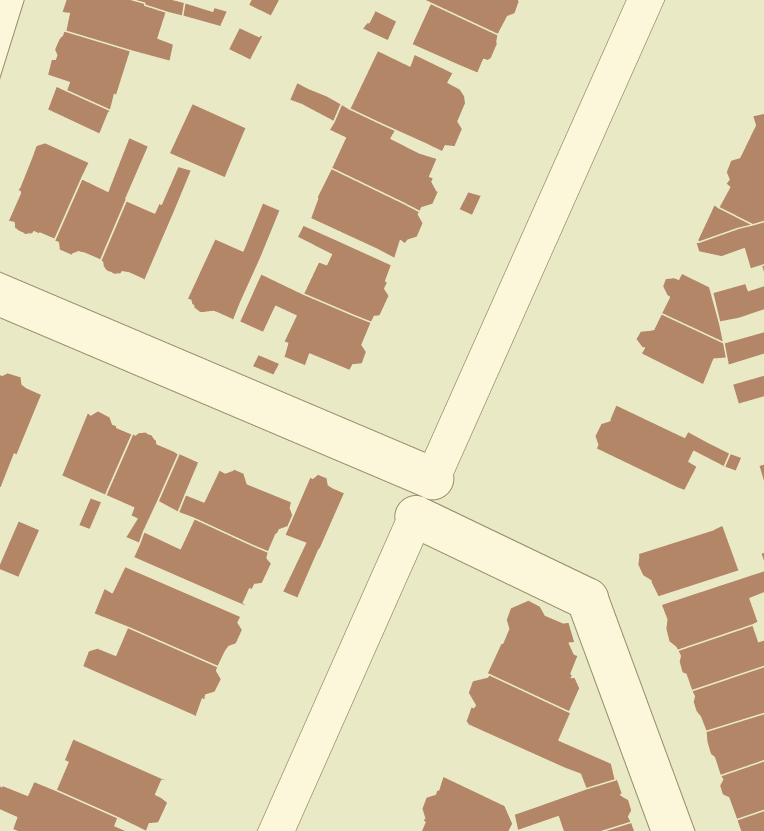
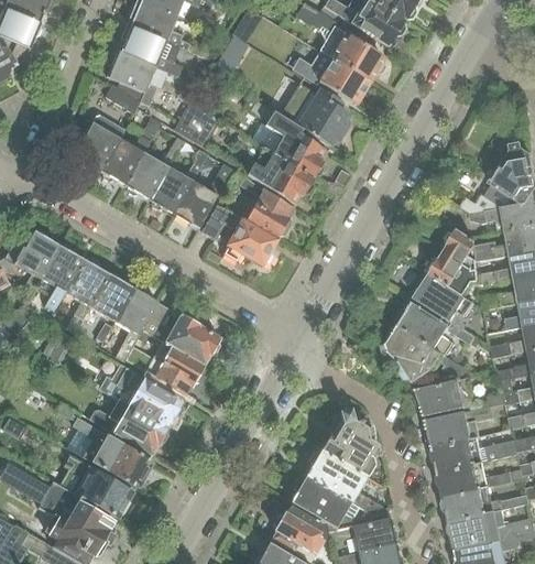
building: none -> [150,150,208,214]
building: none -> [416,274,476,329]
building: none -> [65,259,108,334]
building: none -> [382,326,479,381]
building: [282,474,345,598] -> none
building: none -> [66,416,151,486]
building: none -> [292,476,360,529]

